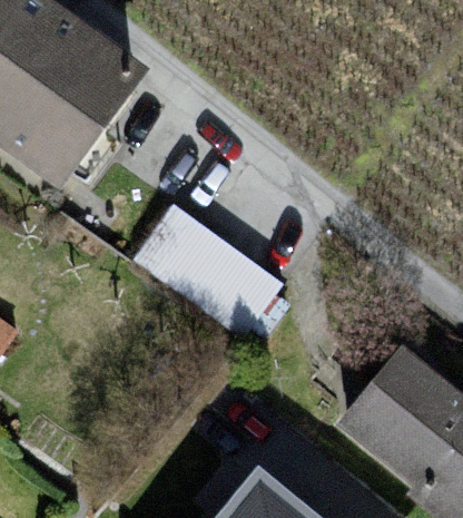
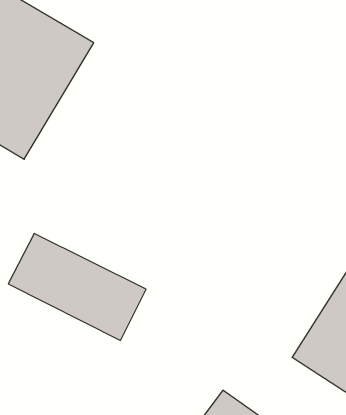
building: [130,190,280,316] -> [8,233,146,340]

